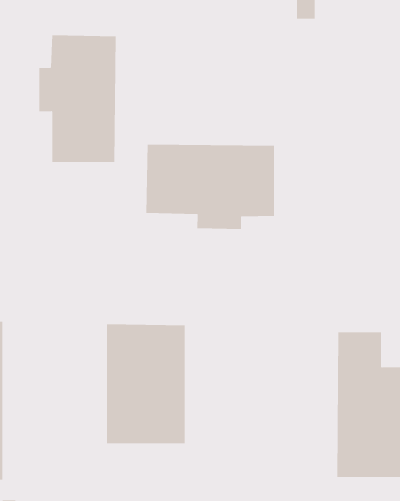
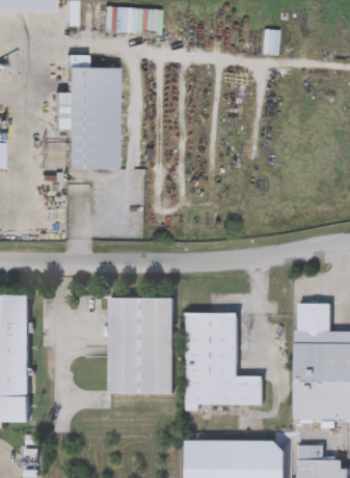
building: [146,144,275,230] -> none
building: none -> [186,312,264,403]

